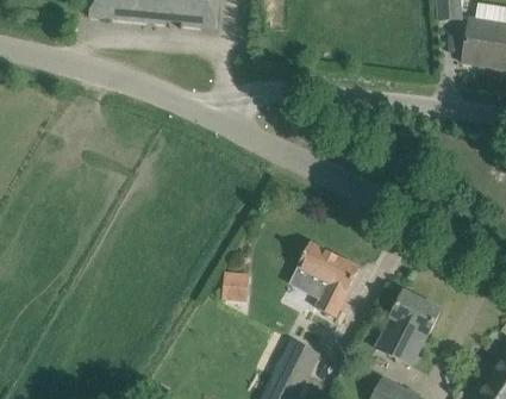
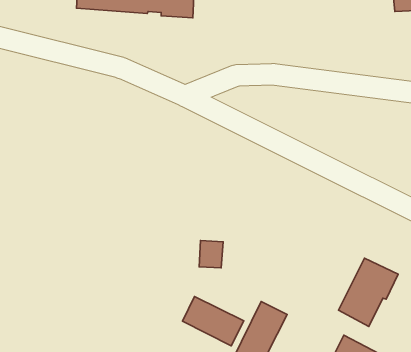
building: [288,243,358,317] -> none
building: none -> [183,297,244,346]

